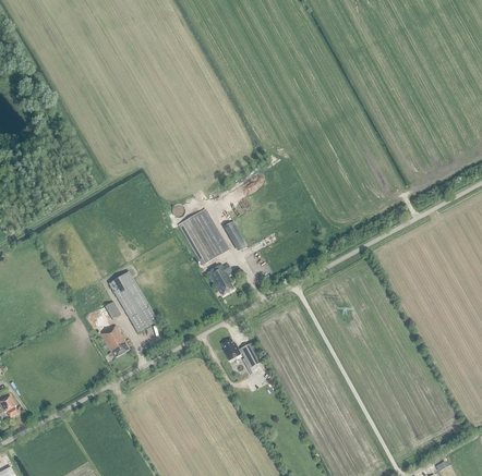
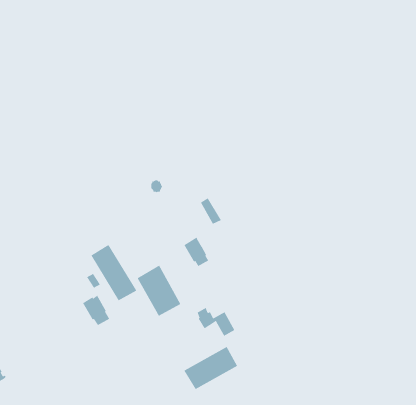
building: [179,209,226,264] -> [137,265,181,317]
building: none -> [184,346,238,390]

